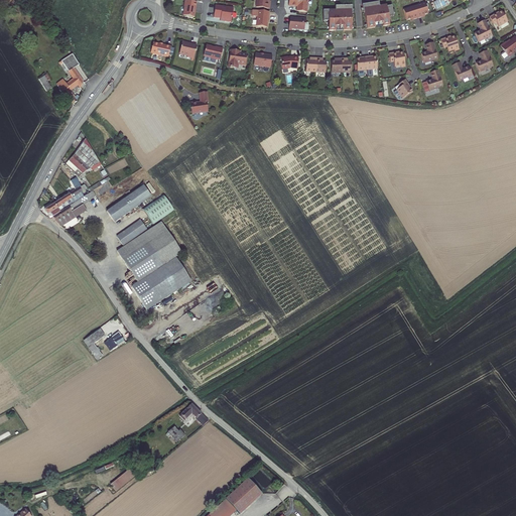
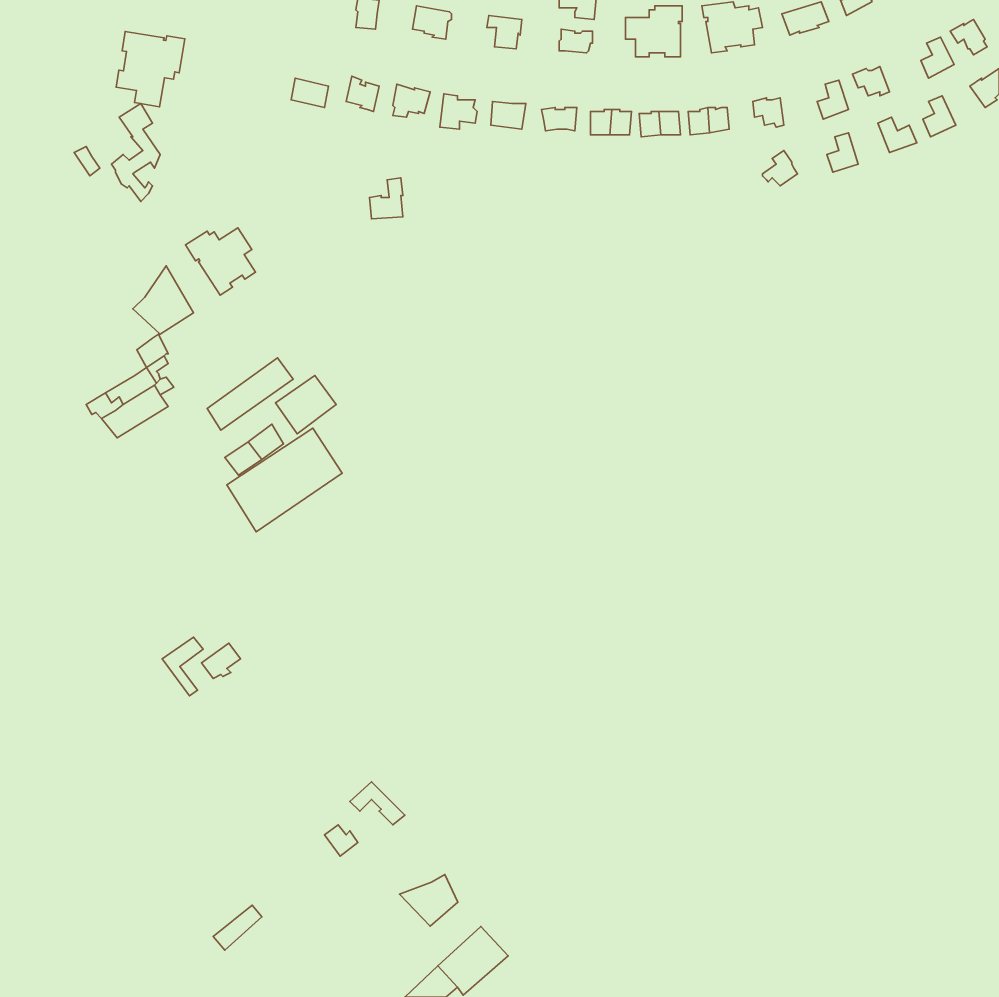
building: none -> [116,31,185,107]
building: none -> [185,228,256,295]
building: [131,244,190,309] -> none
building: none -> [400,874,458,926]

